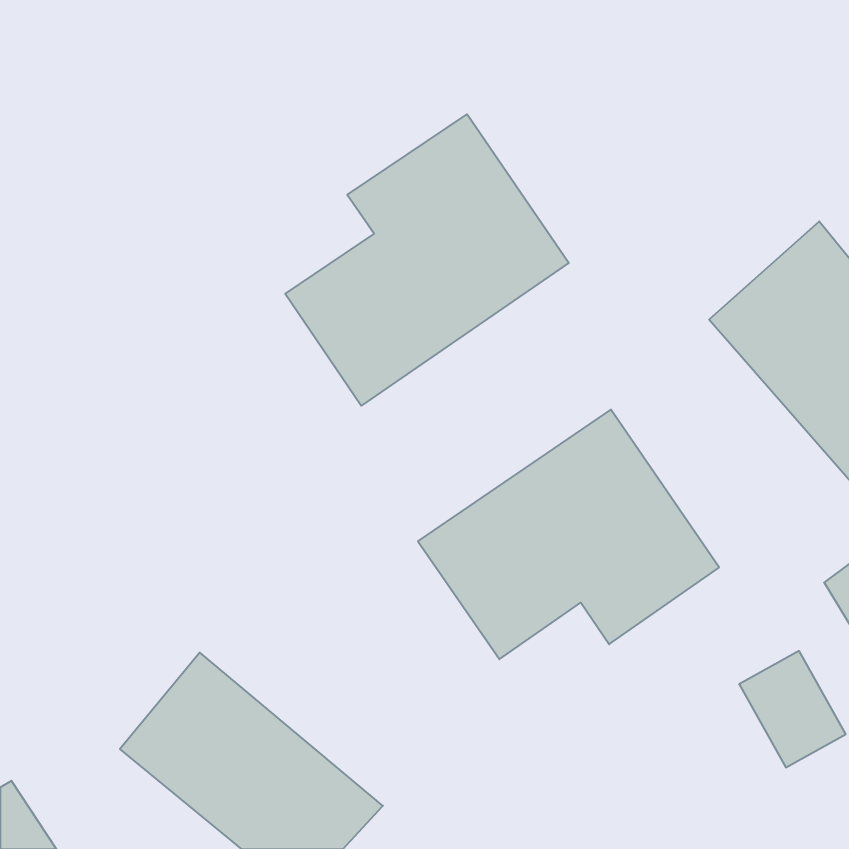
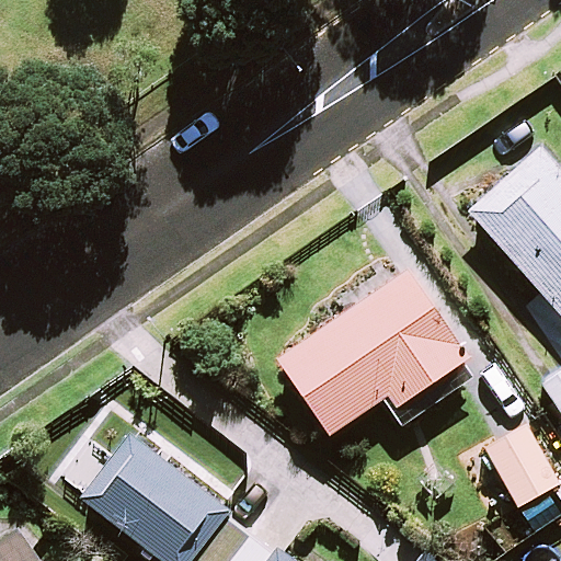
building: [285,114,569,406] -> none

